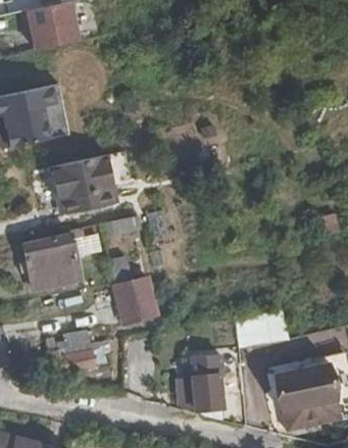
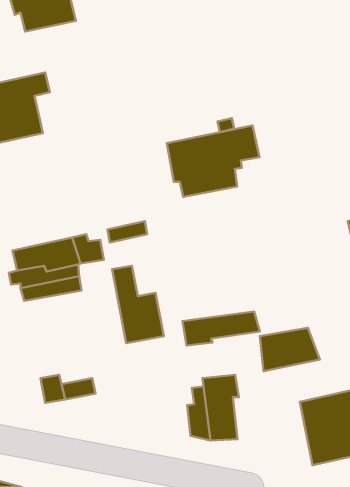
building: [50,152,131,214] -> [167,125,259,197]
building: none -> [182,312,260,346]

